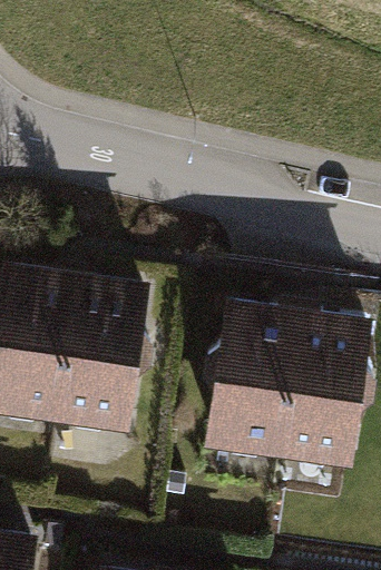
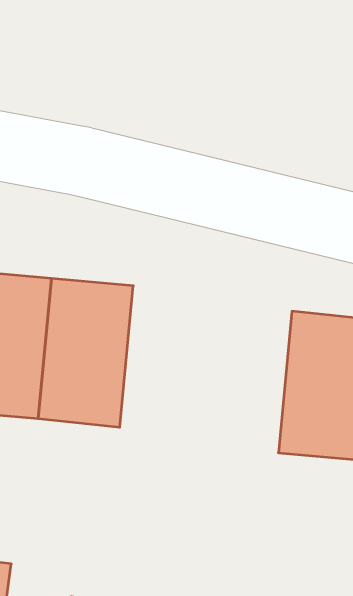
building: [206,299,293,435] -> none

